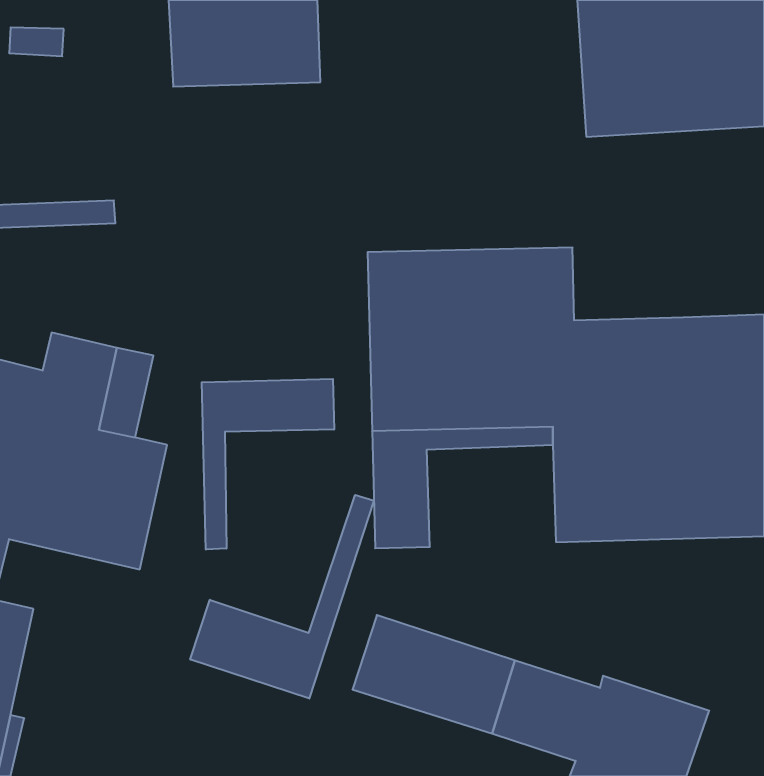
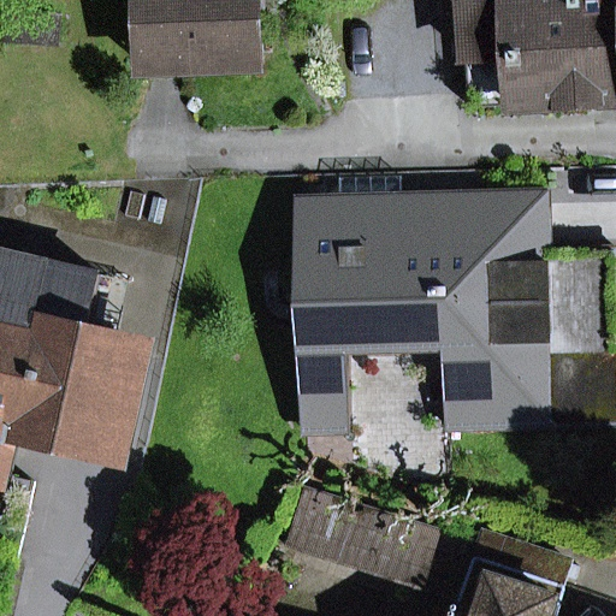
building: none -> [454,194,541,254]
building: [202,379,334,550] -> none
building: [190,495,374,699] -> none

